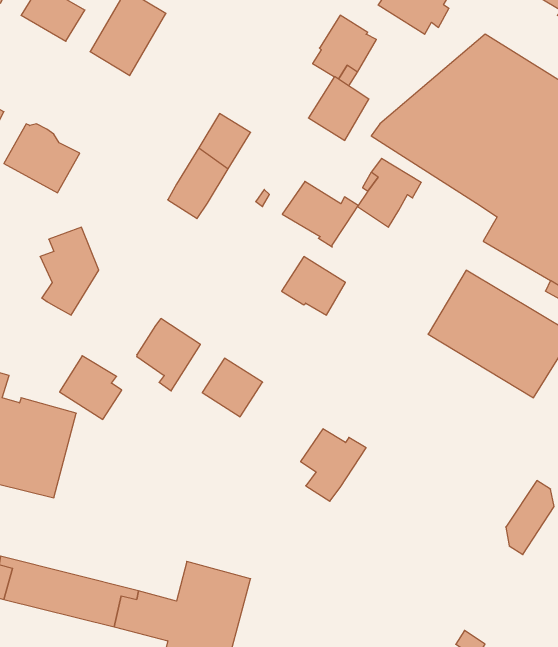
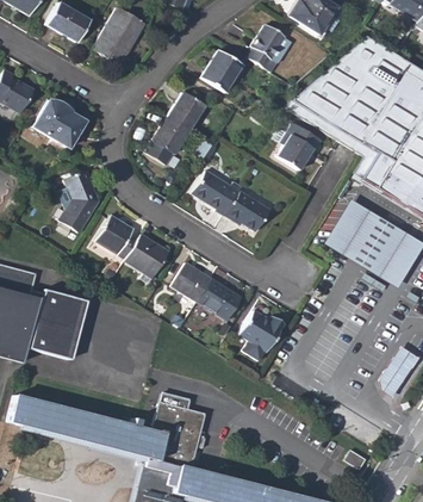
building: [308,77,369,140] -> [200,49,242,93]
building: [282,181,358,247] -> [191,171,243,216]
building: [60,356,122,419] -> [95,215,138,259]
building: none -> [197,278,241,320]

